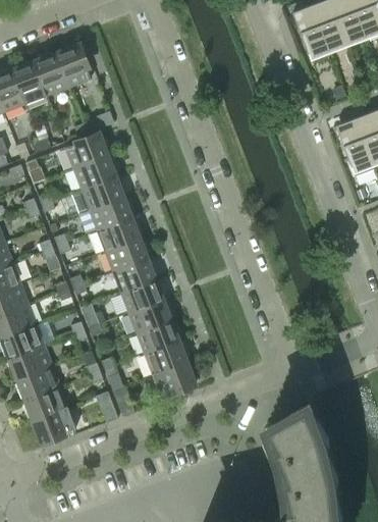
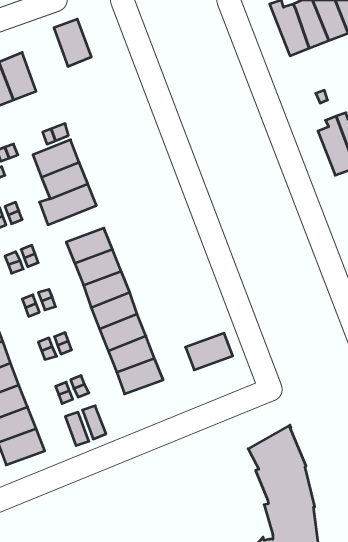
building: [55,44,91,89] -> [54,19,91,66]
building: [90,197,132,231] -> none
building: [152,362,197,397] -> [185,333,233,370]

